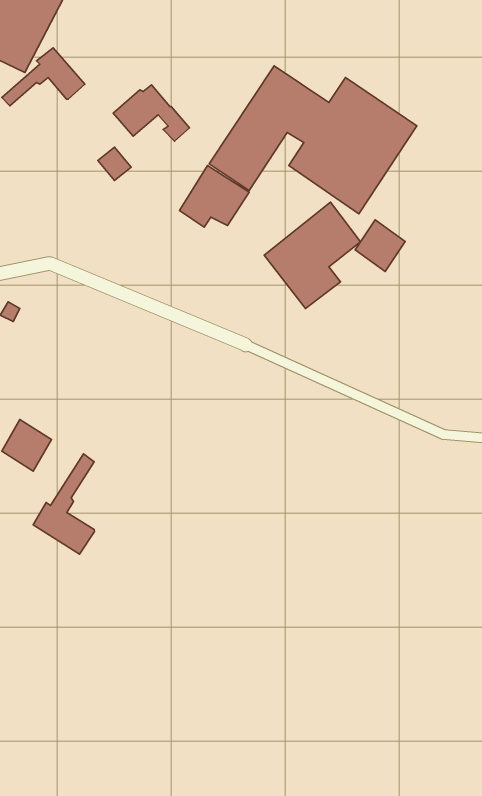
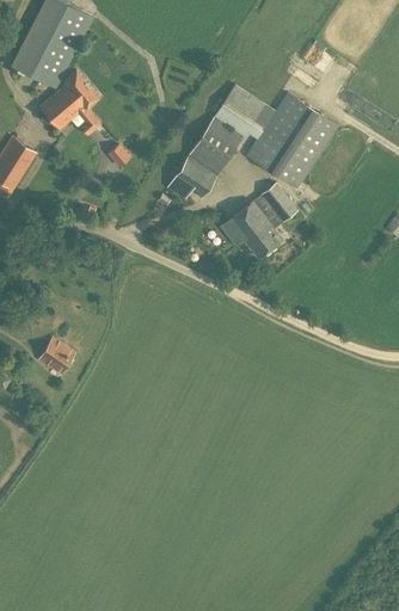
building: [113,85,190,141] -> [45,92,100,132]
building: [355,220,405,271] -> none
building: [33,454,95,554] -> none

